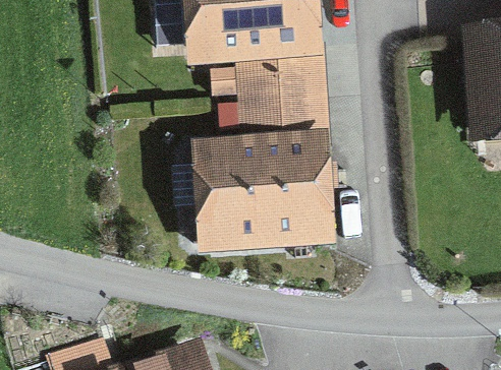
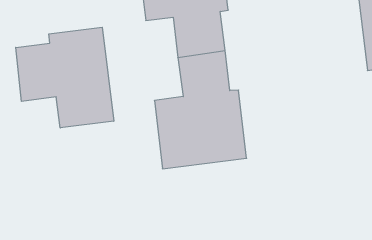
building: none -> [16,27,114,128]

